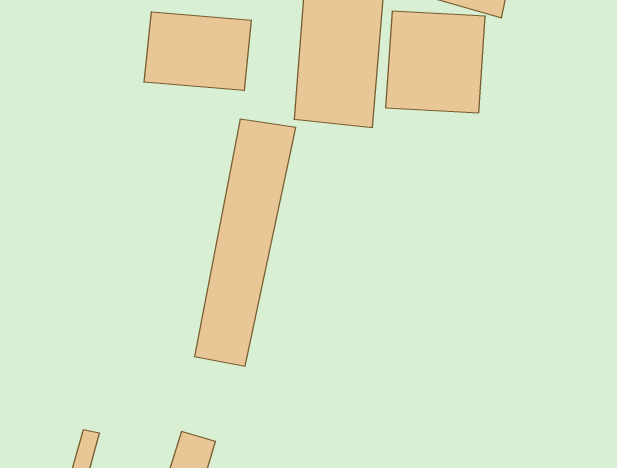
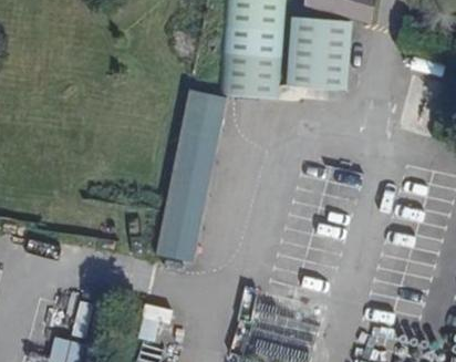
building: [144,12,251,91] -> none

